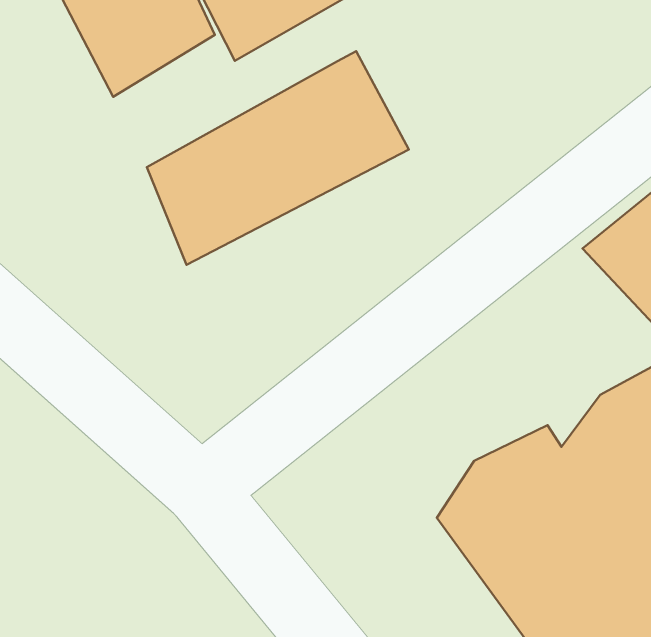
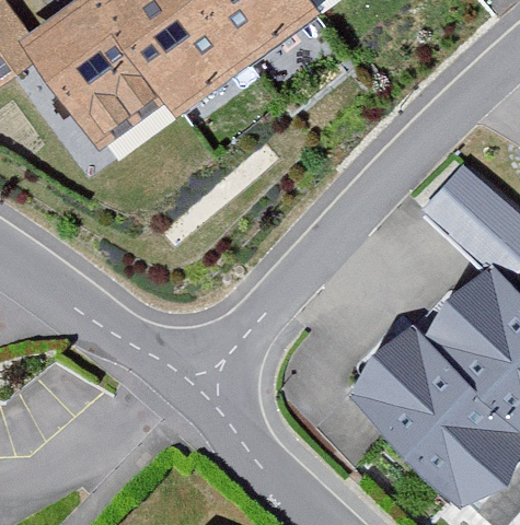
building: [147,51,409,265] -> none

